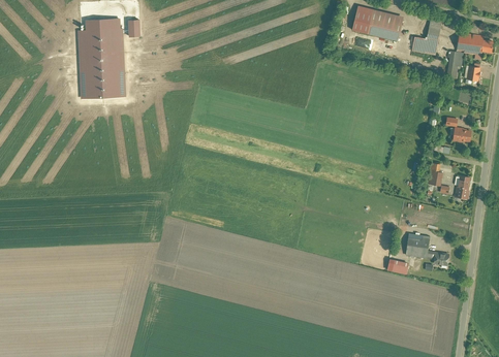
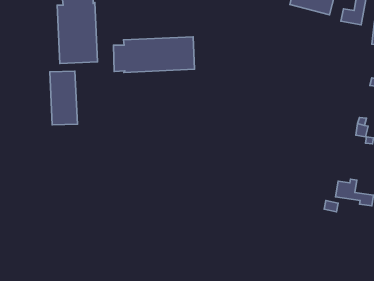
building: none -> [114,37,195,72]
building: none -> [50,71,77,125]

